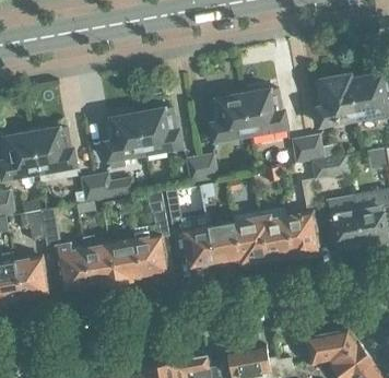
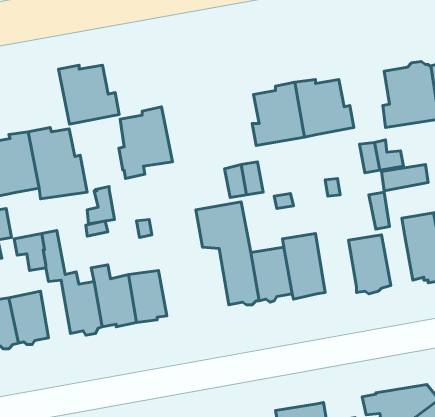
building: [137,107,185,154] -> [59,65,119,124]
building: [95,173,134,200] -> none
building: [259,206,292,258] -> none
building: [132,224,167,279] -> none

